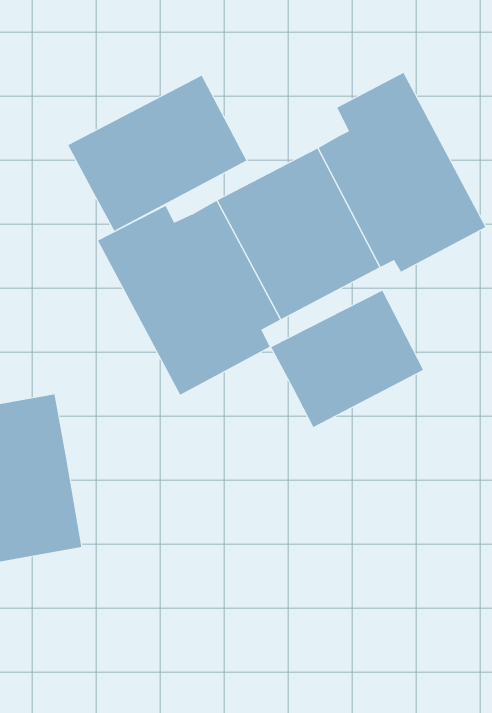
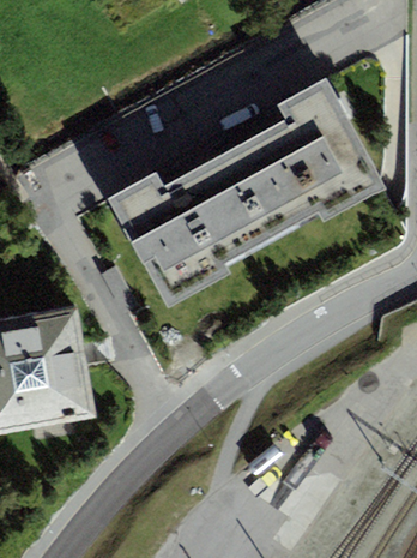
building: [67,75,247,232] -> none
building: [271,290,424,428] -> none

